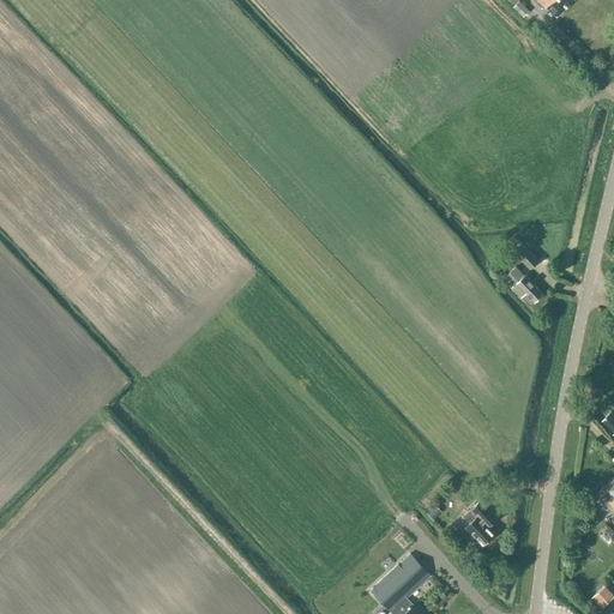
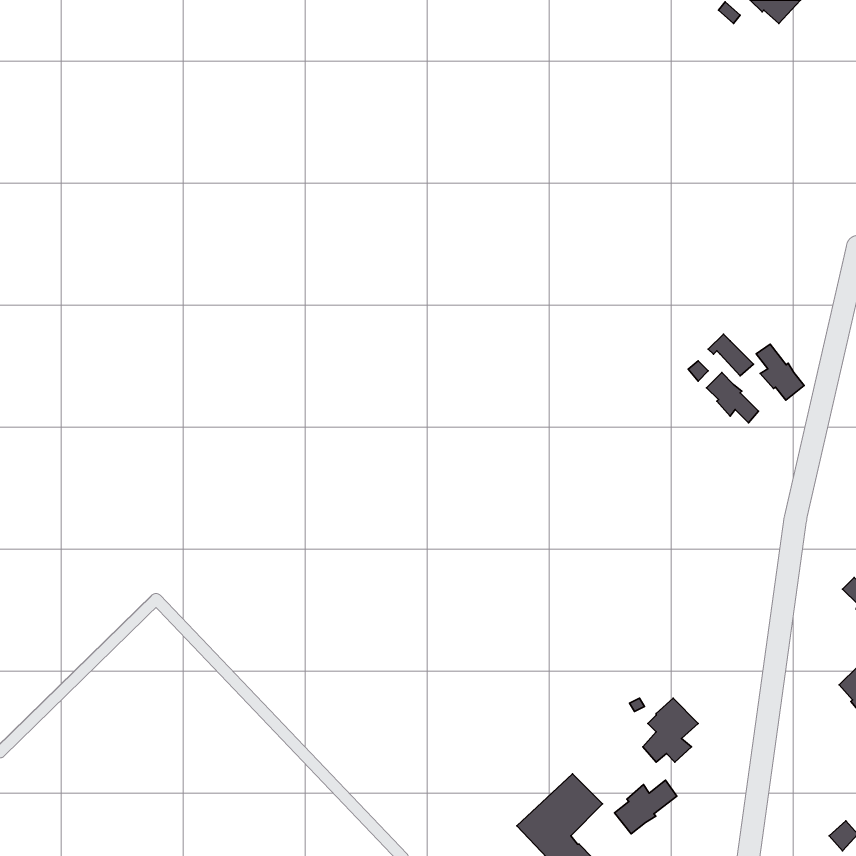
building: none -> [756,344,804,400]
building: none -> [614,780,677,834]

